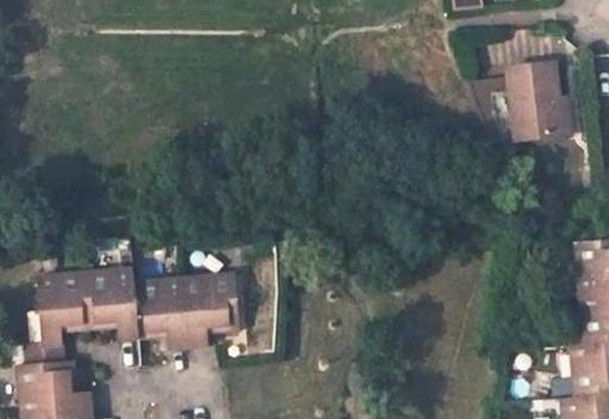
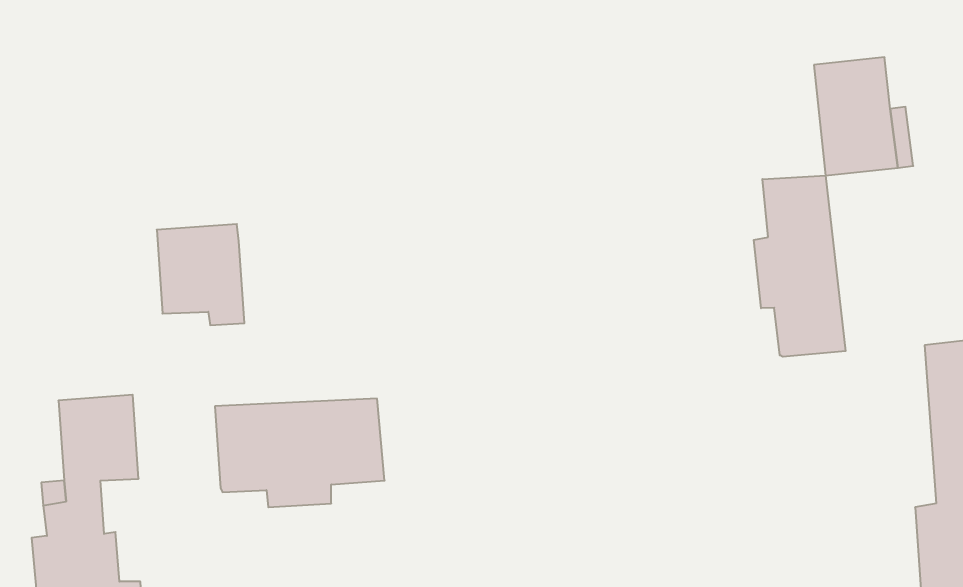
building: none -> [754,175,846,357]
building: [83,270,138,333] -> [157,224,244,325]

